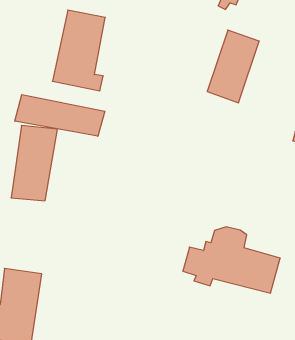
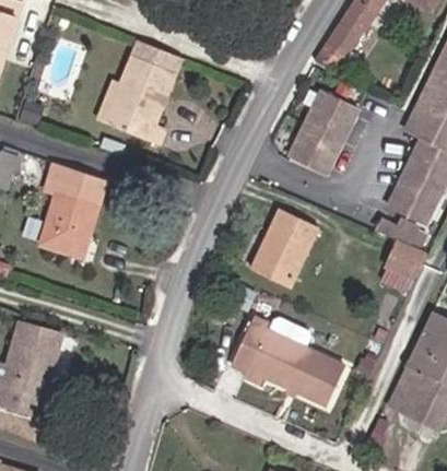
building: [15,95,105,136] -> none
building: none -> [249,208,310,283]

